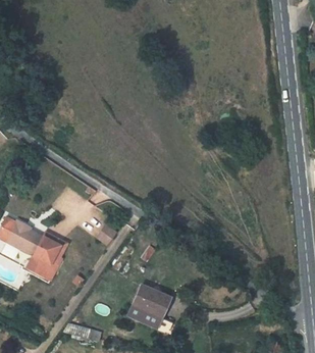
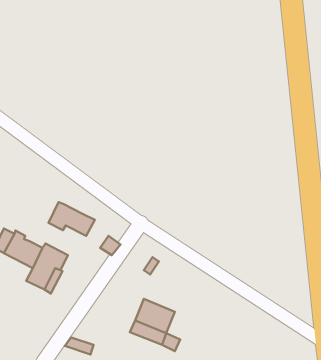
building: none -> [49,202,95,236]

